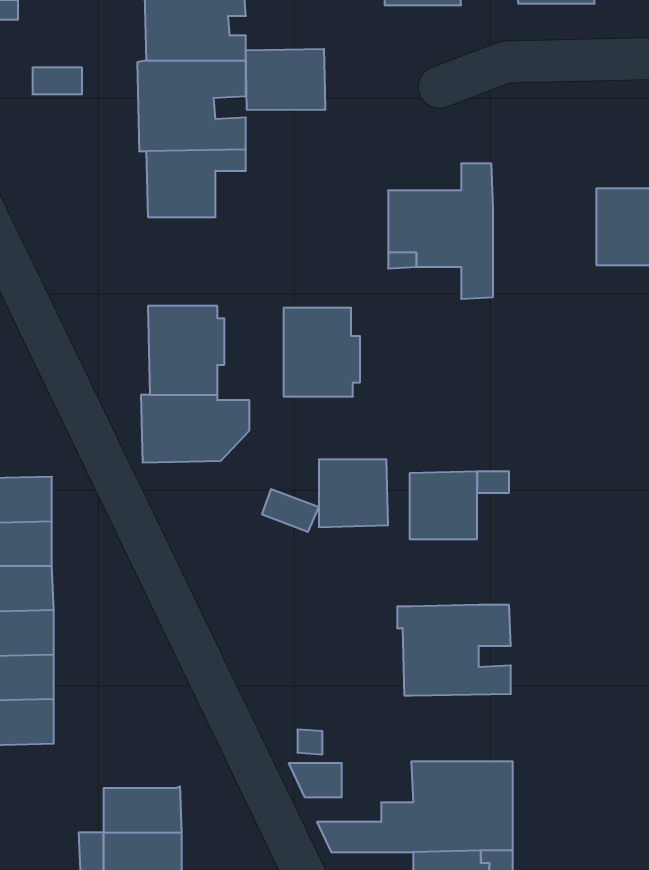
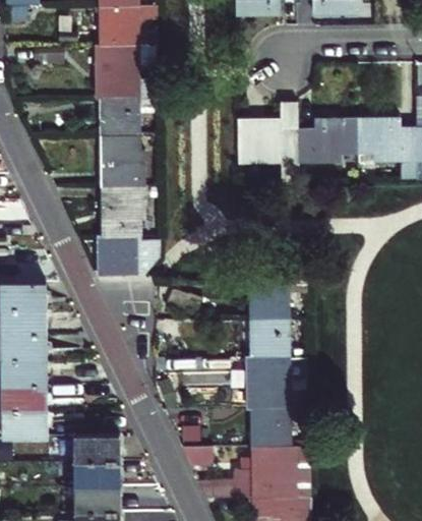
building: [246,49,325,110] -> none
building: none -> [298,118,357,163]
building: [284,308,360,397] -> [101,134,144,185]
building: [319,459,388,527] -> [250,319,290,357]
building: none -> [251,407,308,446]
building: none -> [74,436,119,461]

